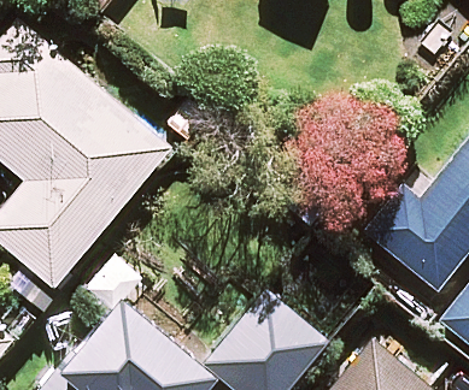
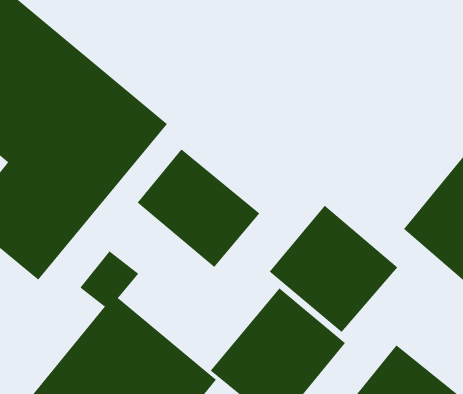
building: none -> [137,148,260,268]
building: none -> [269,205,398,333]

